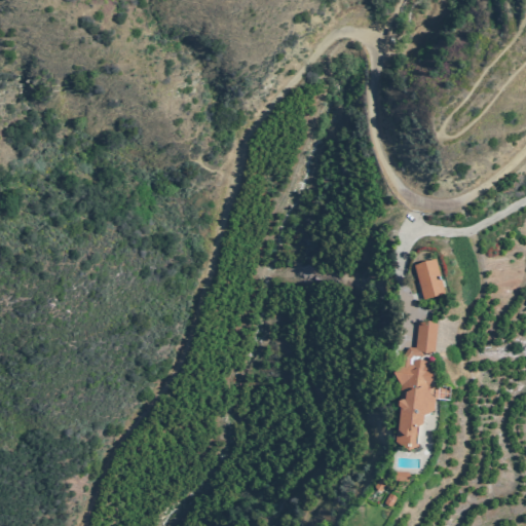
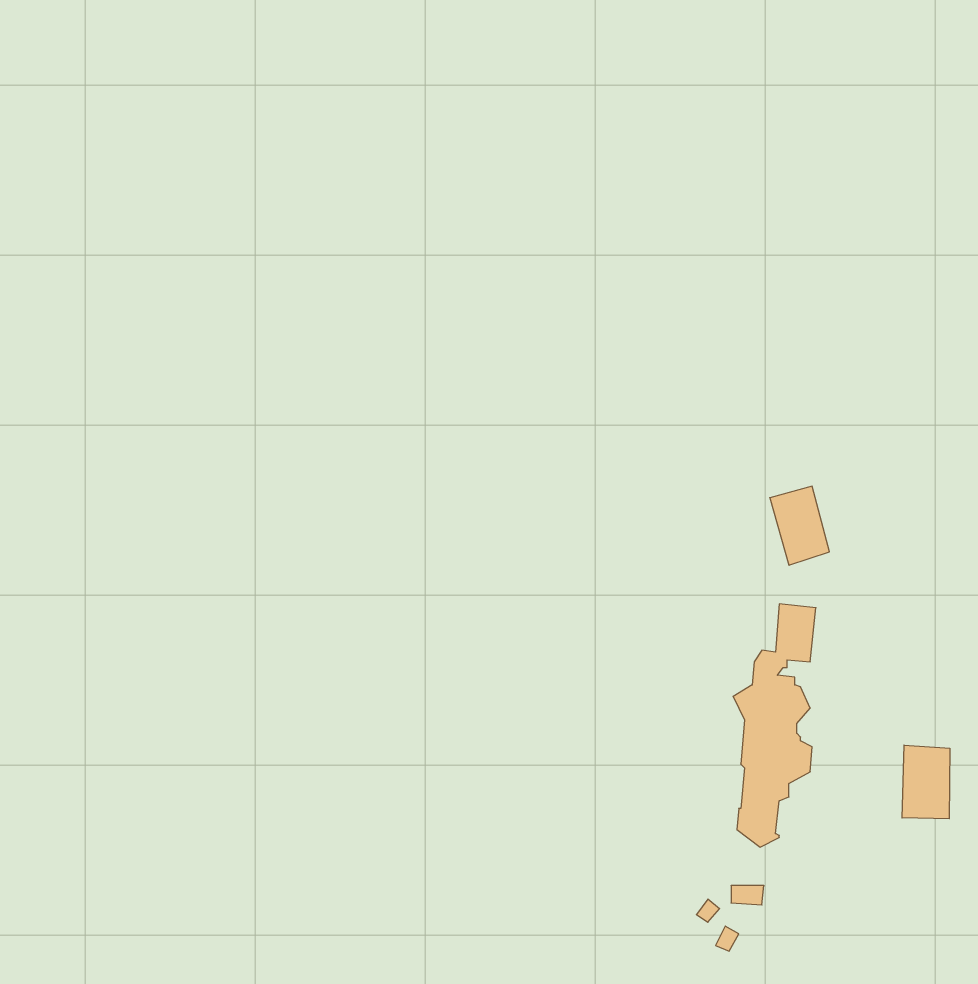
building: none -> [902,745,950,819]

